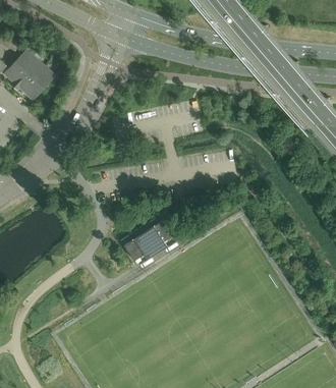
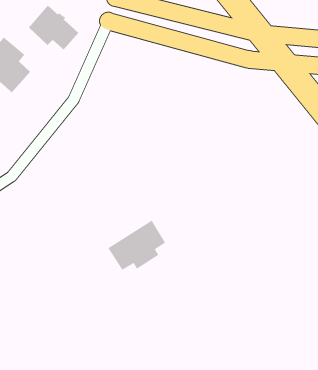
building: none -> [28,5,79,50]

